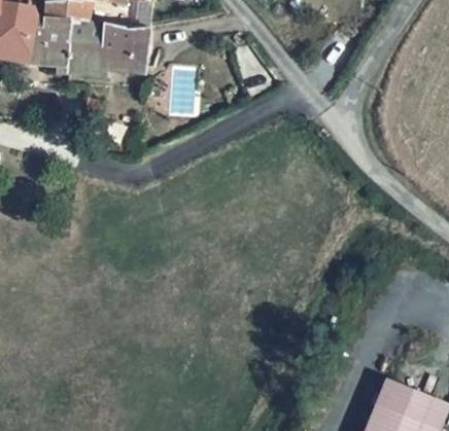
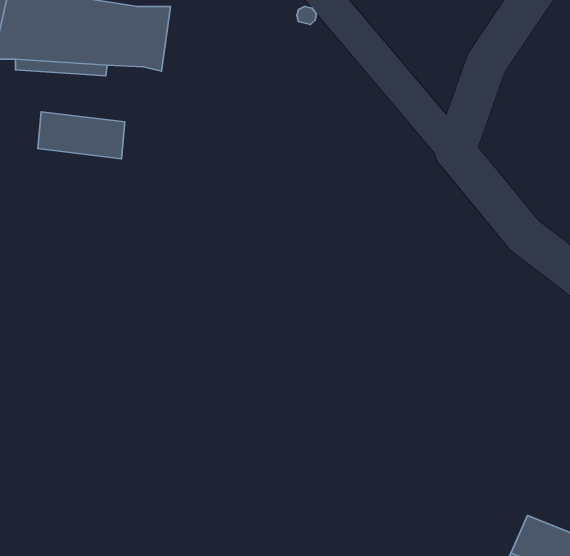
building: none -> [38,112,125,159]

